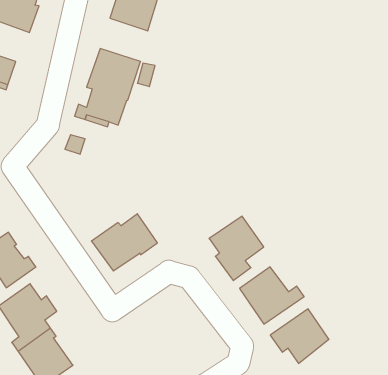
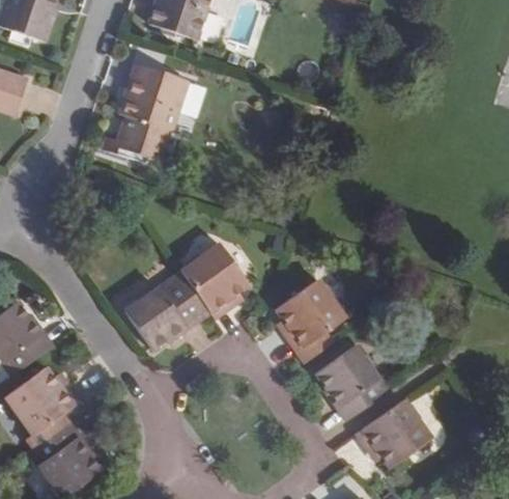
building: none -> [180,243,250,320]

